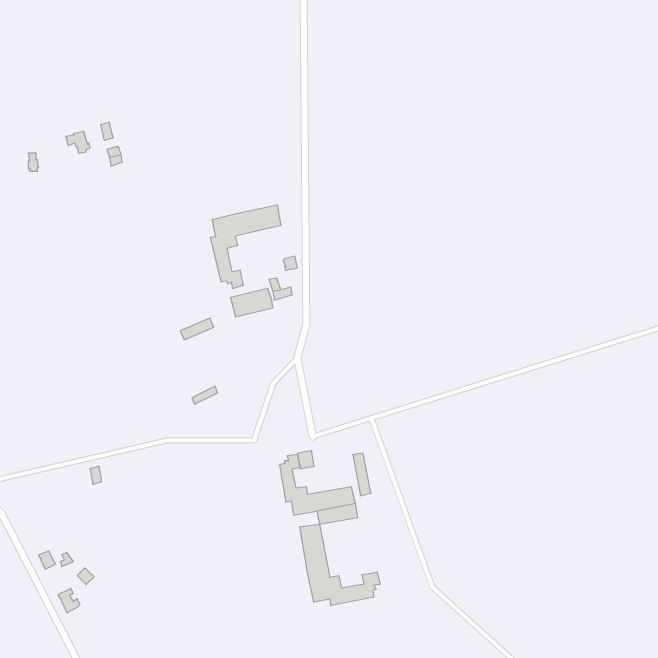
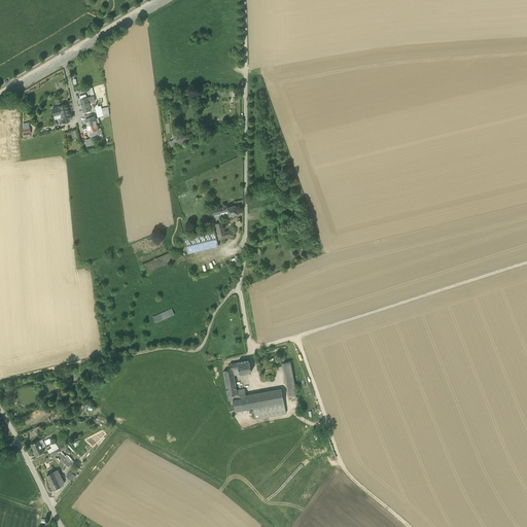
building: [210,205,281,289] -> none
building: [300,524,380,606] -> none

